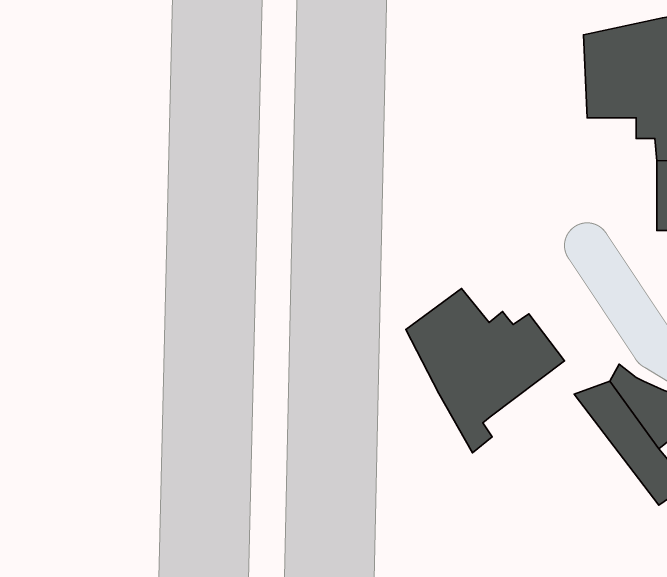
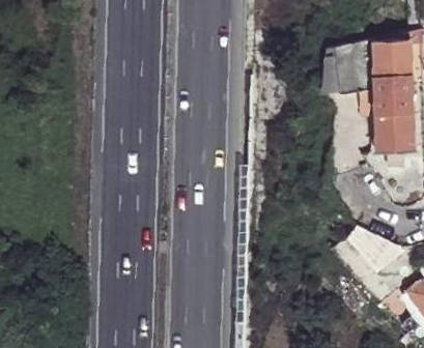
building: [406,288,564,453] -> none

